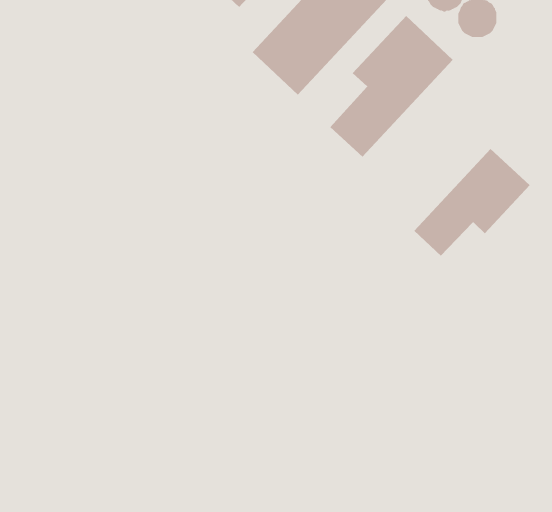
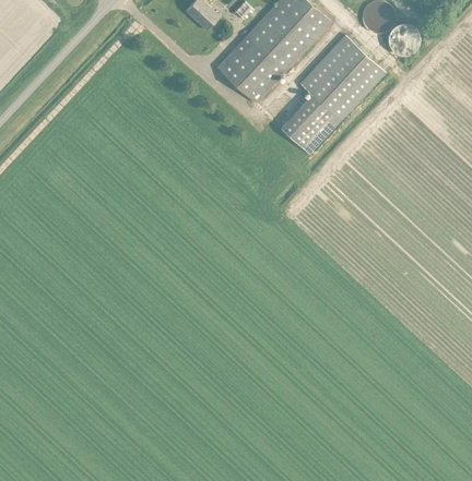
building: [413,148,531,257] -> none

